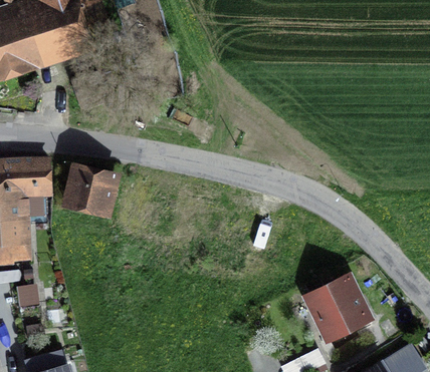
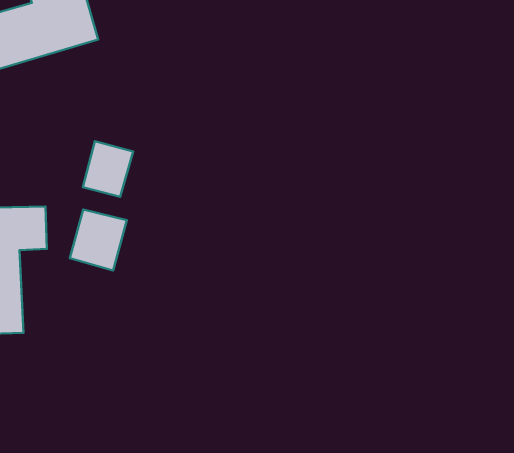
building: none -> [83,141,133,197]
building: [306,281,370,343] -> none

